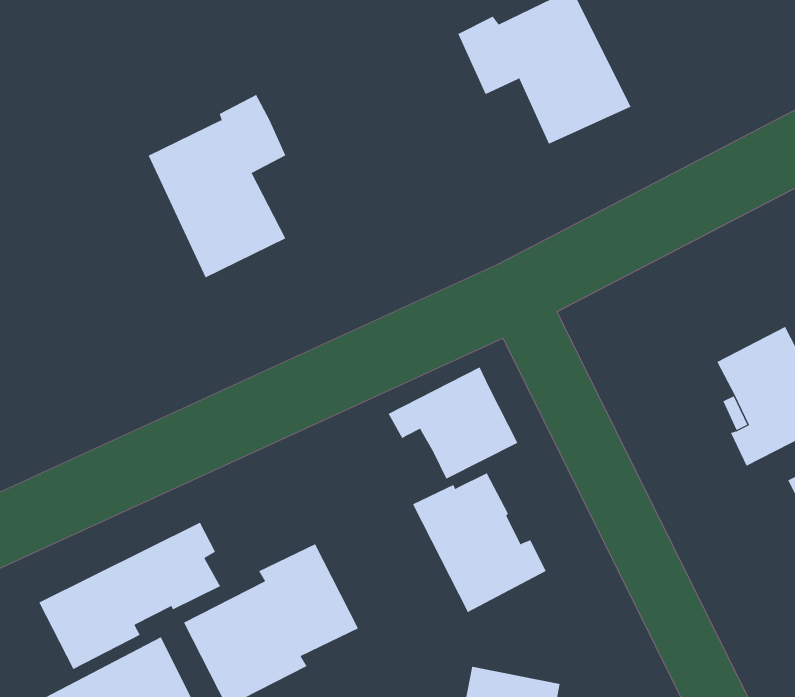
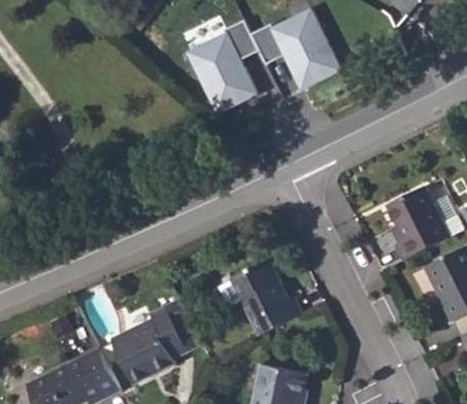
building: [148,94,286,278] -> [188,21,260,116]
building: [388,366,518,480] -> none
building: [38,522,221,670] -> none

